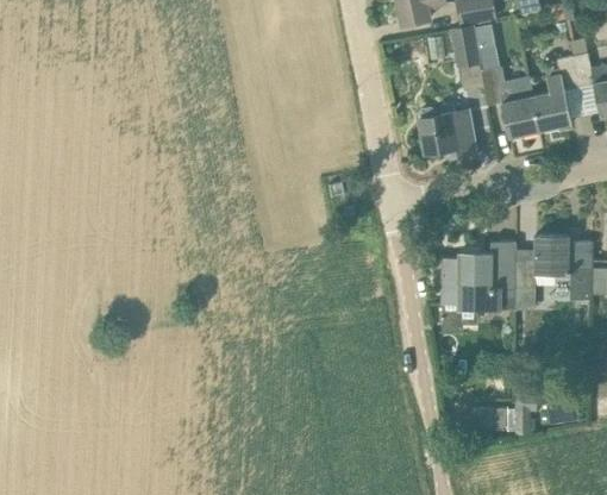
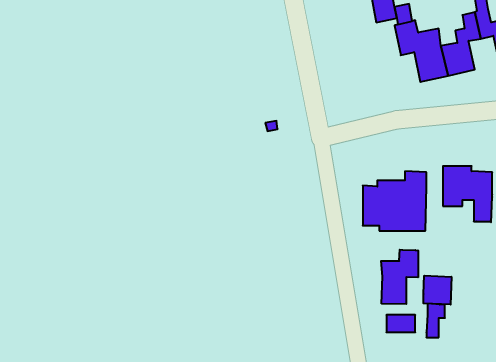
building: [418,107,476,158] -> none
building: none -> [381,250,418,304]
building: none -> [423,276,451,305]

